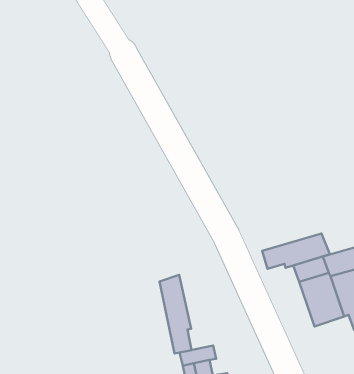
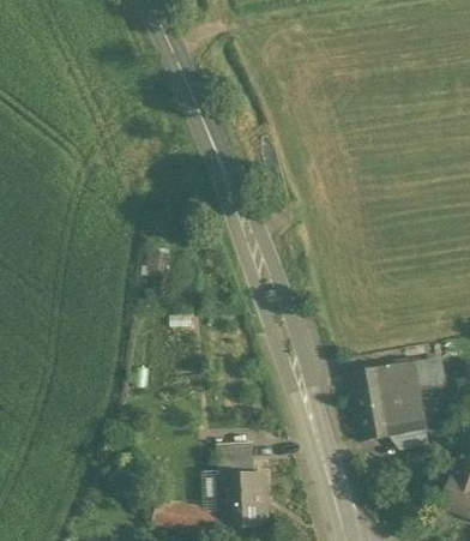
building: [262,233,330,269] -> none
building: [159,275,192,353] -> none

